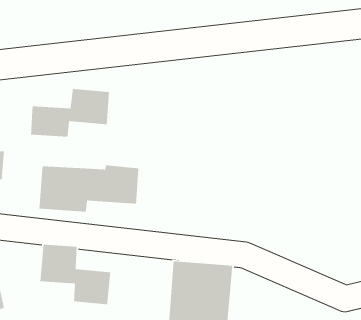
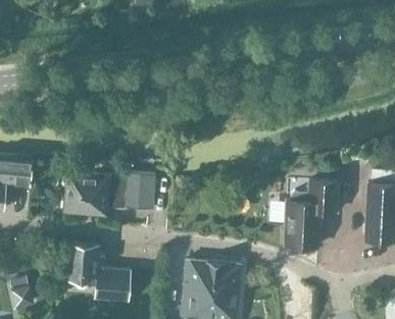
building: [30,88,110,138] -> none
building: none -> [284,181,338,251]

